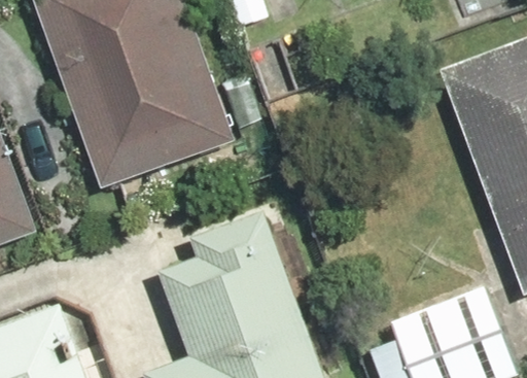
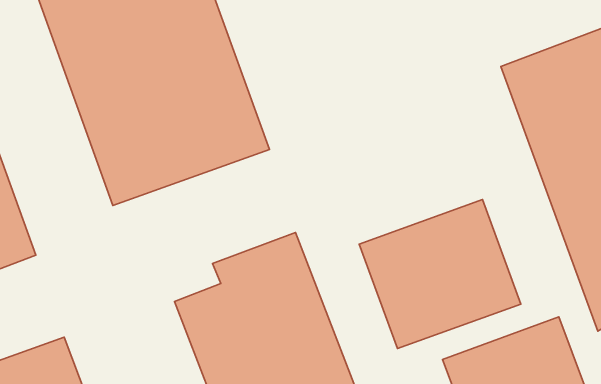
building: none -> [359,200,521,349]

